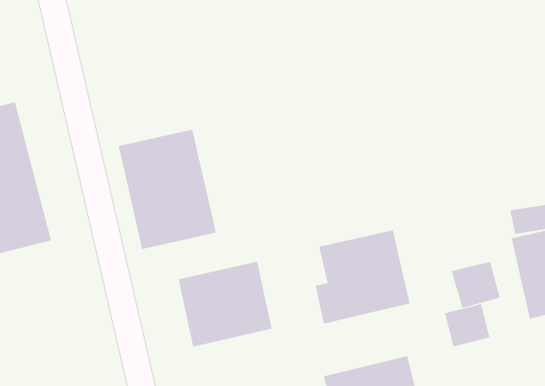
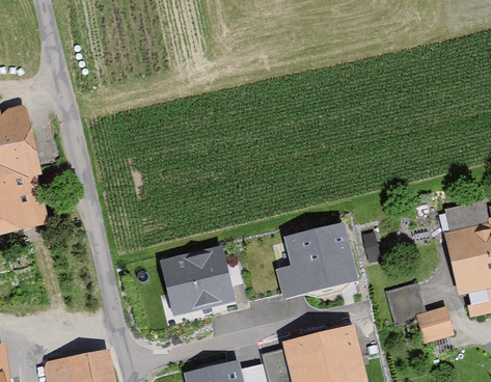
building: [118,129,216,250] -> none
building: [451,261,500,309] -> [415,305,458,346]

